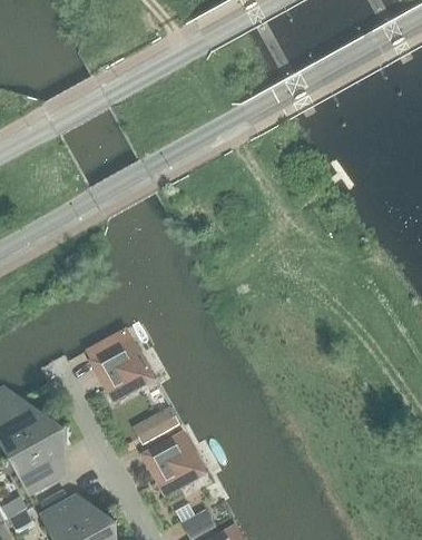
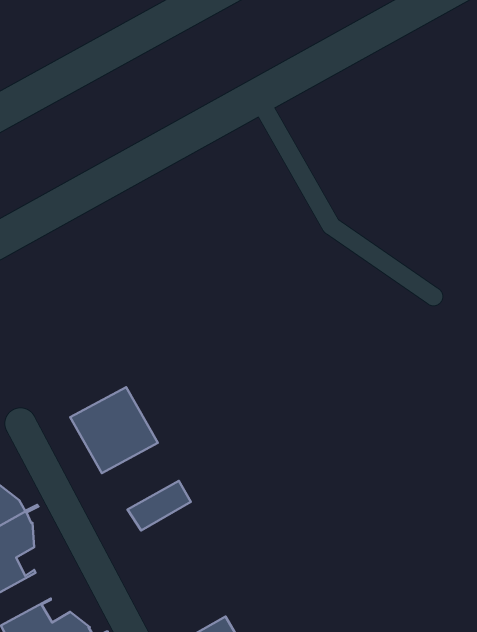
building: [143,430,206,493] -> none

